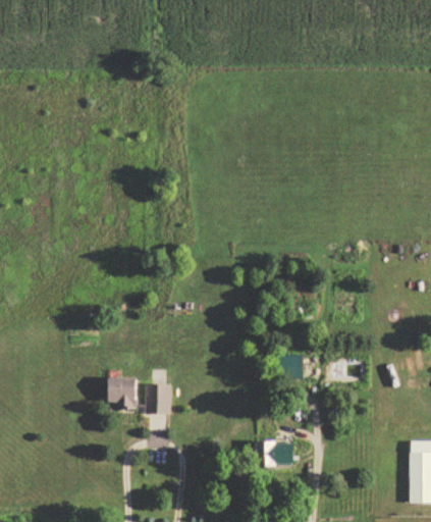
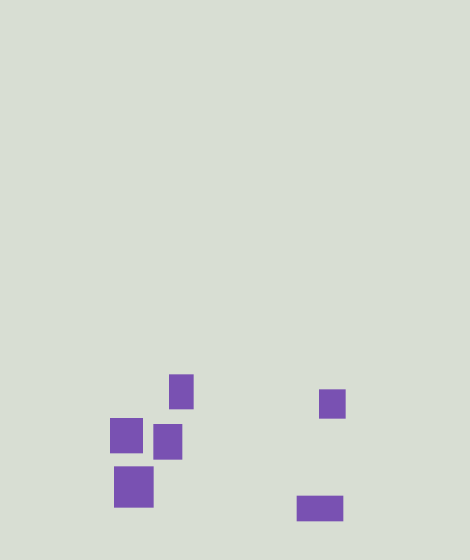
building: none -> [168,373,194,410]
building: none -> [113,466,155,509]

